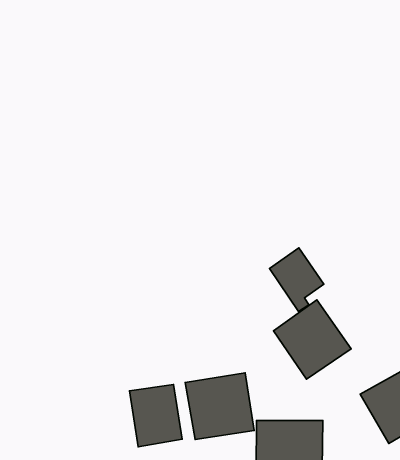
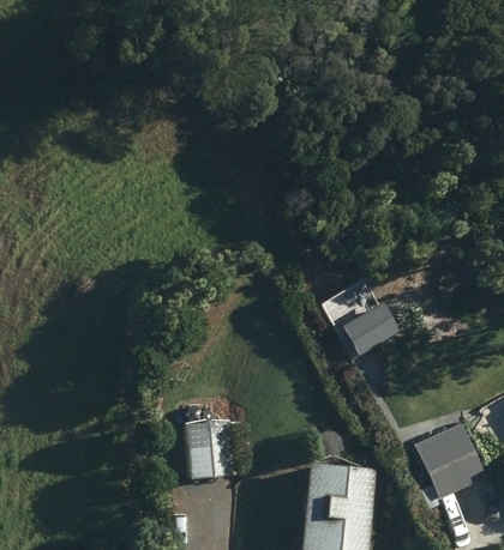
building: [274,300,351,379] -> none
building: [185,373,254,439] -> none

